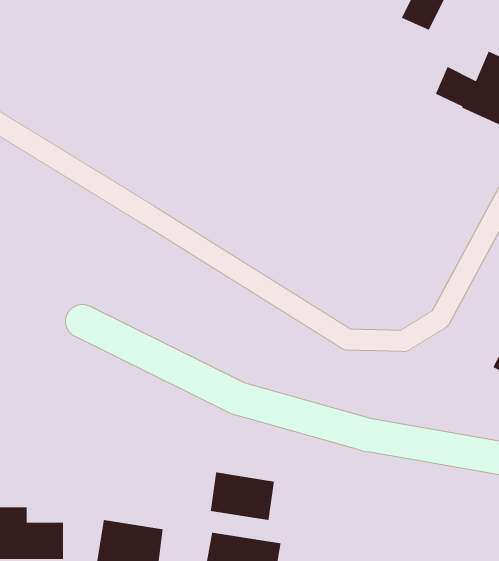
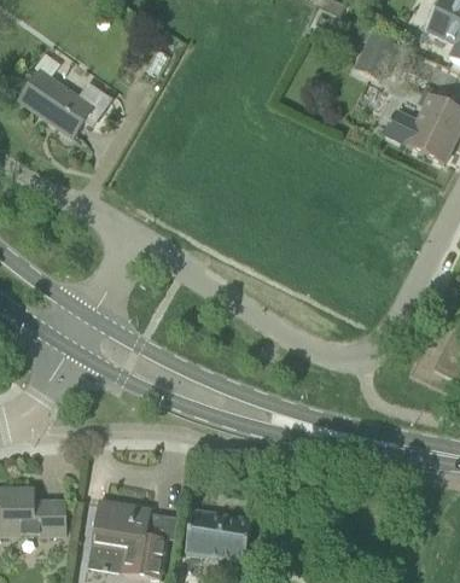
building: none -> [19,69,110,135]
building: [210,472,275,521] -> none

